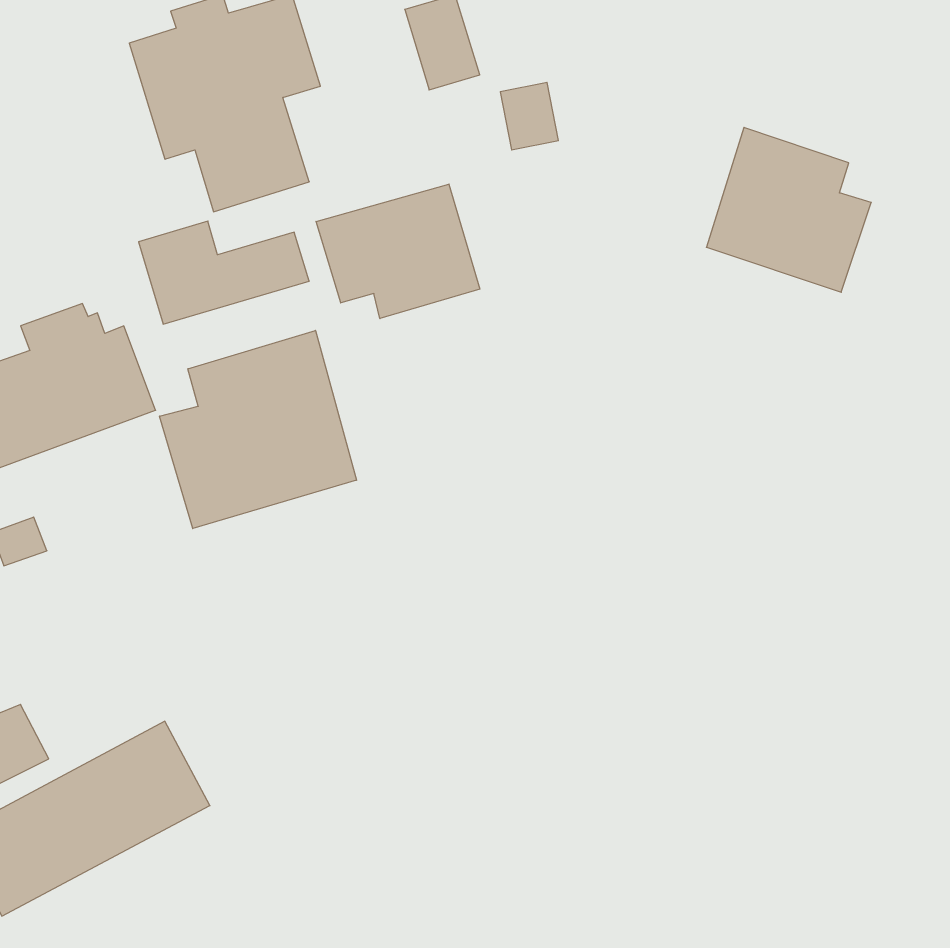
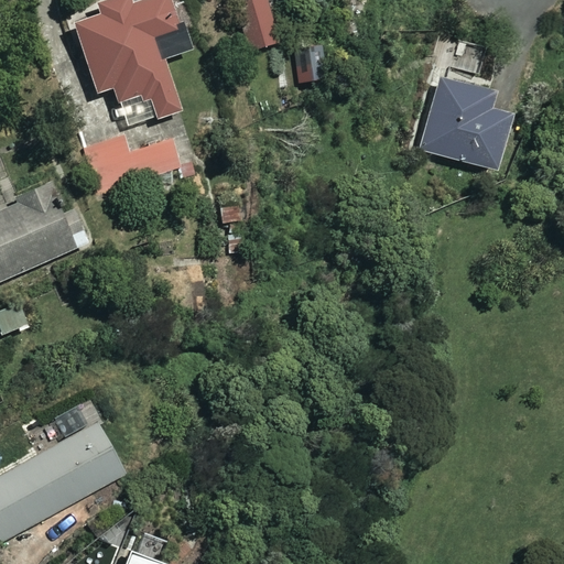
building: [316,184,480,319] -> none
building: [160,330,357,529] -> none

